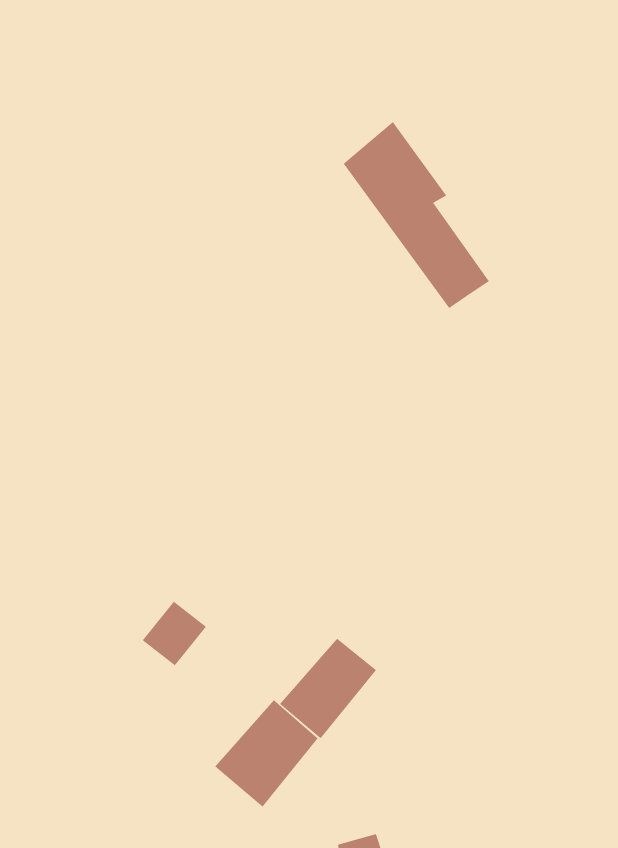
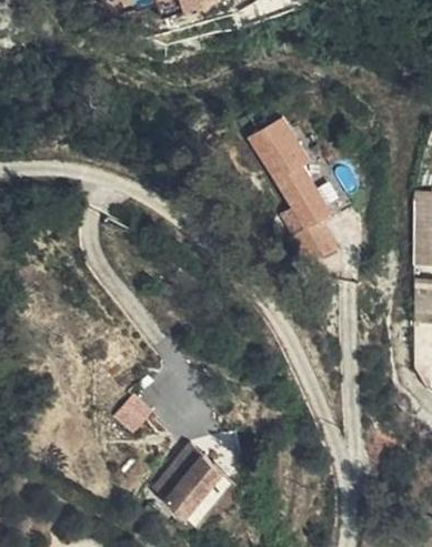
building: none -> [290,207,336,254]
building: [279,638,377,739] -> none

